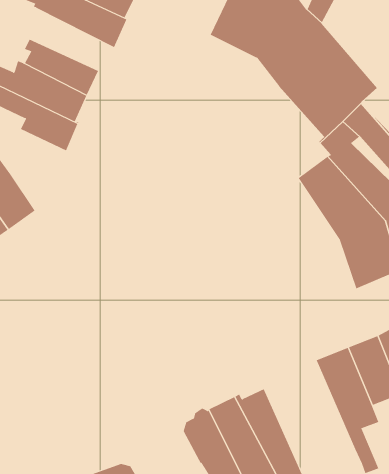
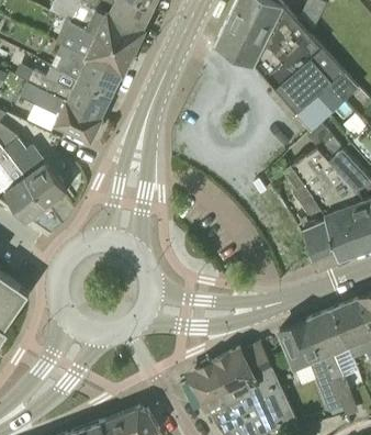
building: none -> [57,21,134,75]
building: none -> [283,166,339,268]
building: none -> [280,321,344,413]

